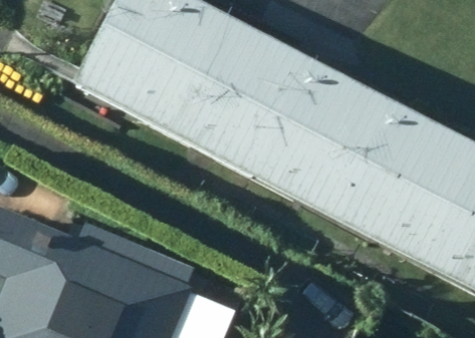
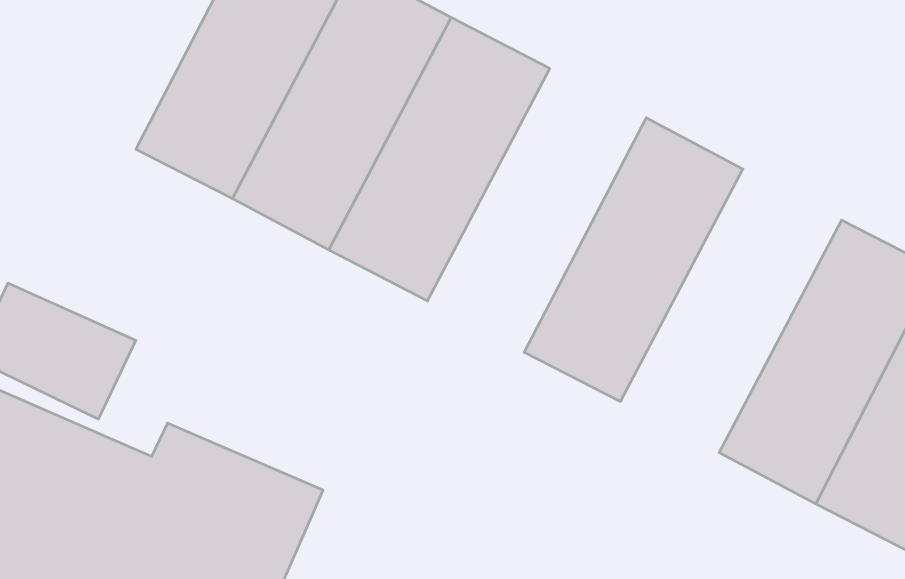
building: [223,43,334,188] -> none
building: [321,94,434,239] -> none

